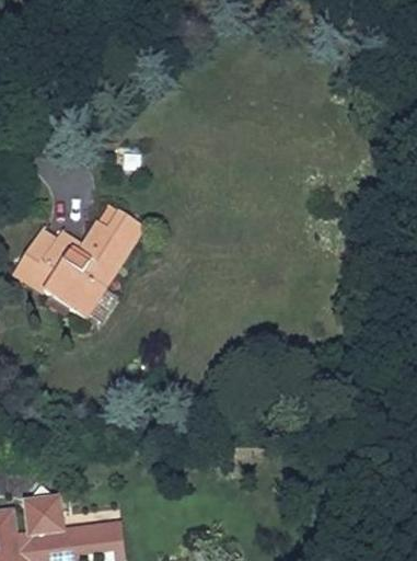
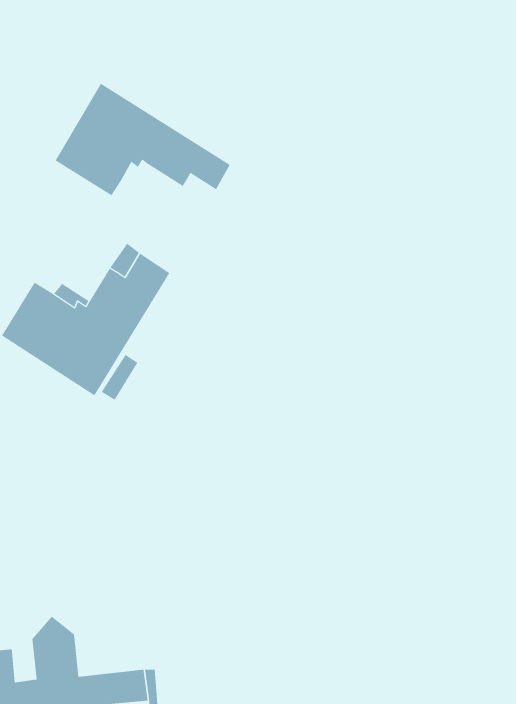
building: none -> [55,83,231,196]

